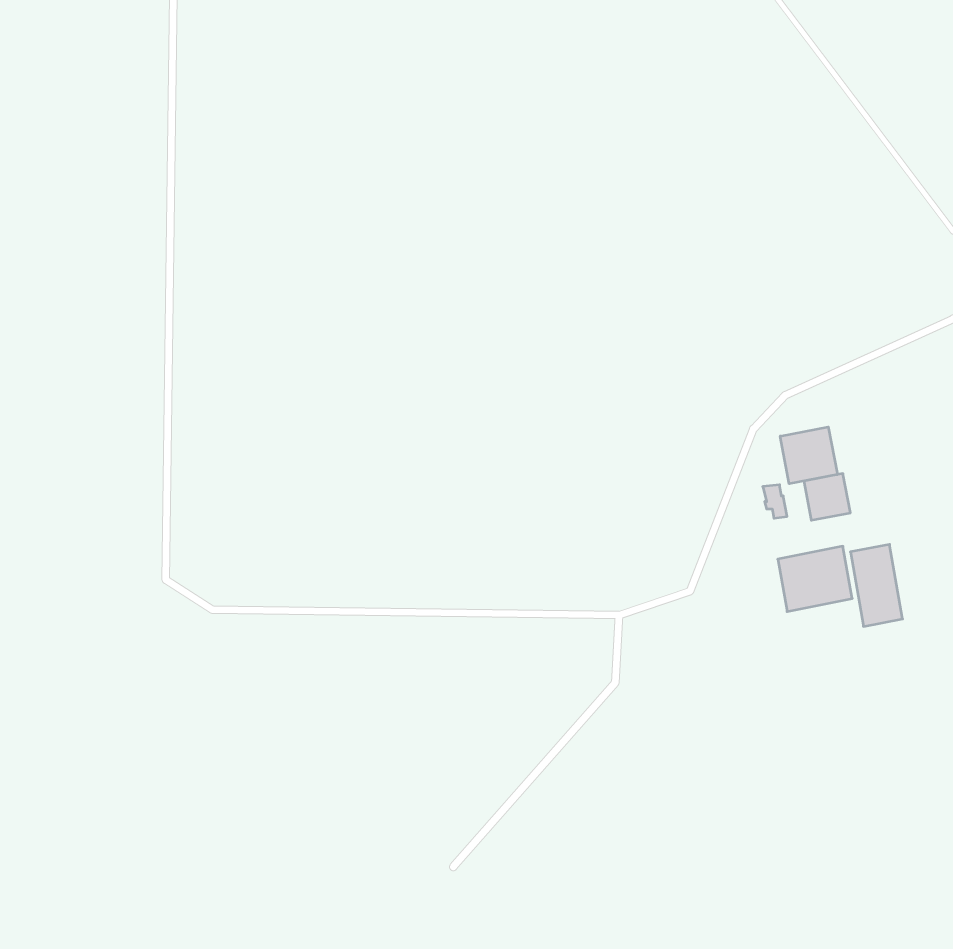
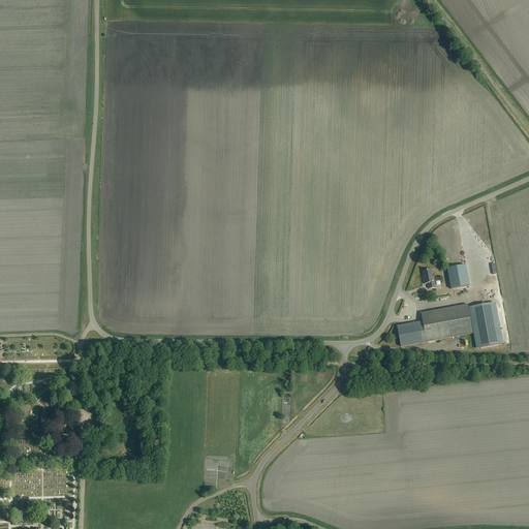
building: [780,427,837,484] -> none
building: none -> [397,310,436,345]

